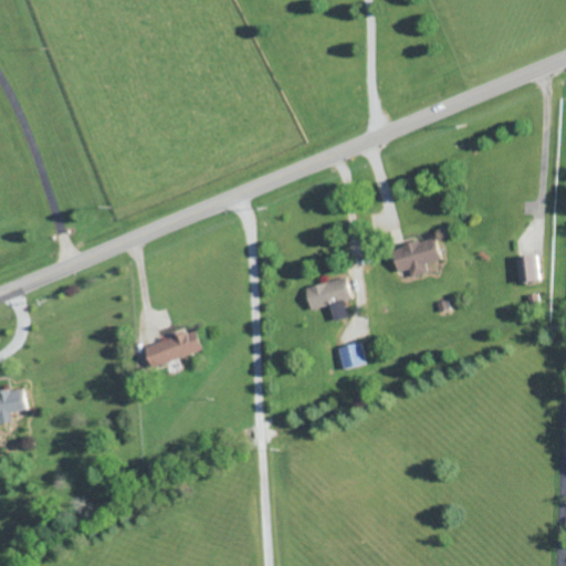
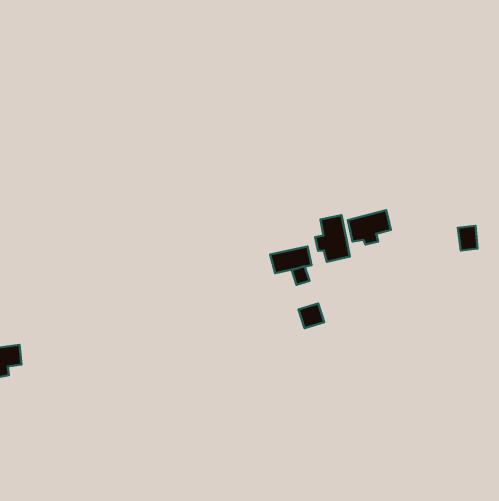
building: none -> [315,215,350,262]
building: [145,327,209,367] -> none

